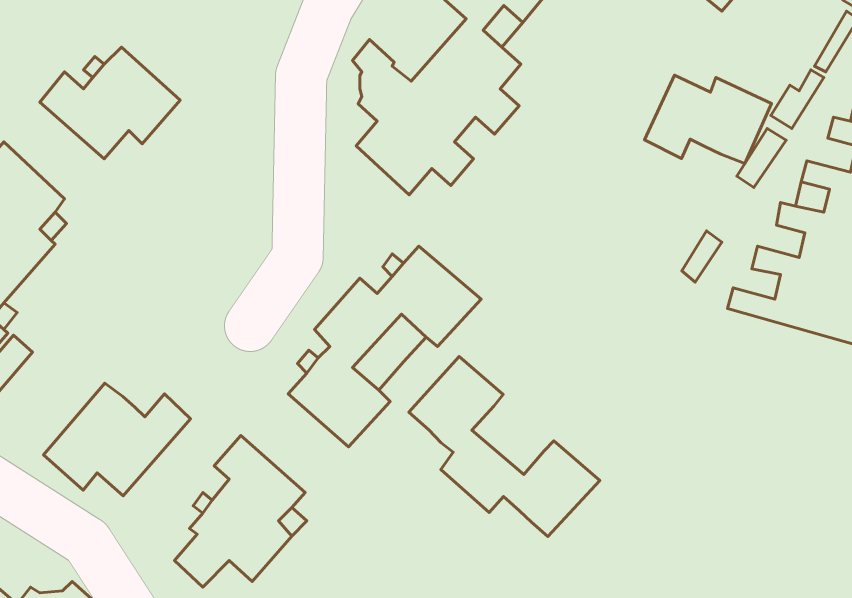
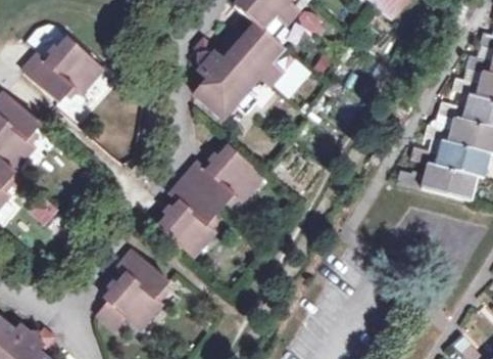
building: [644,75,771,164] -> none
building: [409,356,600,536] -> none
building: [43,383,190,496] -> none

